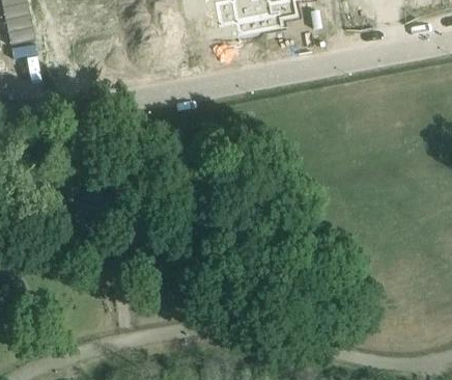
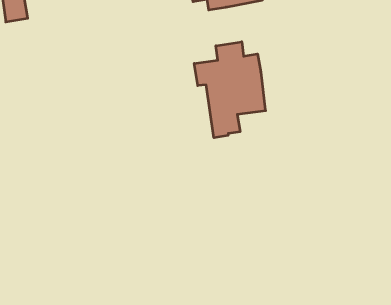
building: none -> [194,42,266,138]

